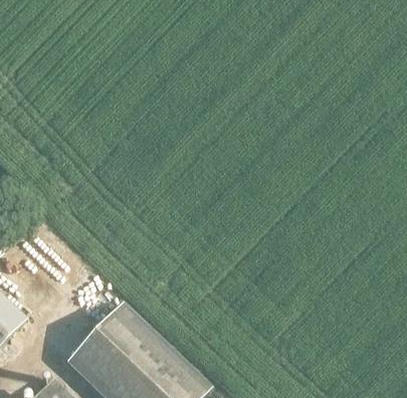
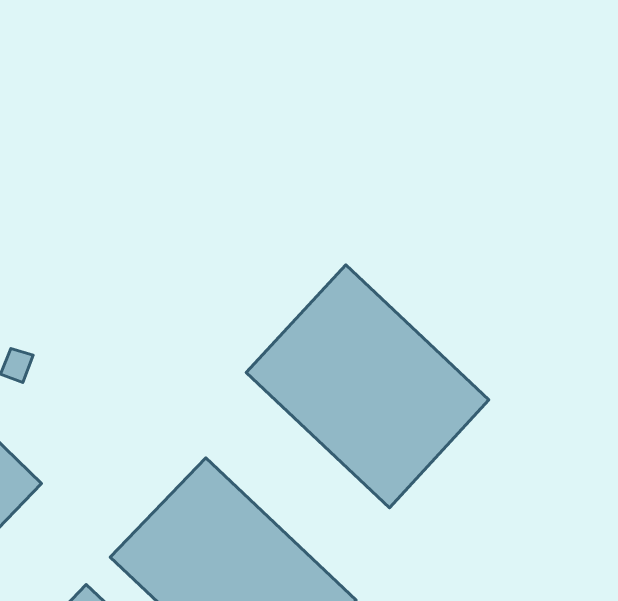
building: none -> [246,265,489,508]

